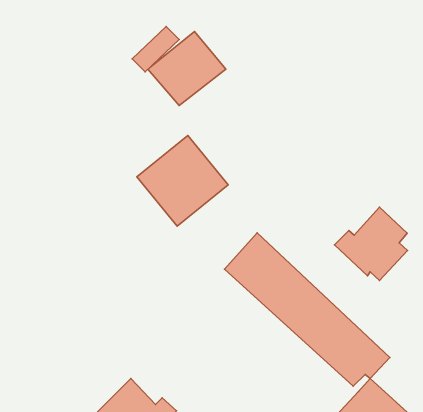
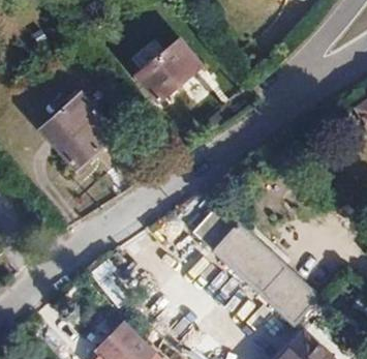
building: [137,135,228,226] -> [43,97,116,170]
building: [334,207,407,280] -> none

